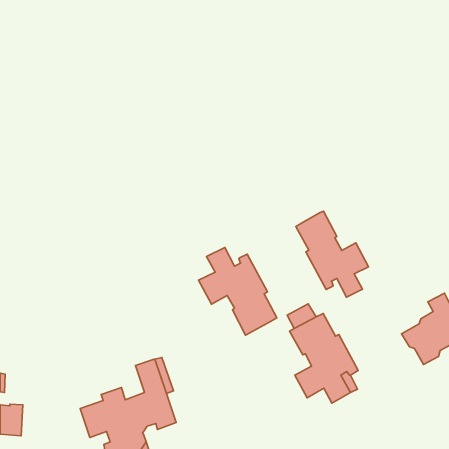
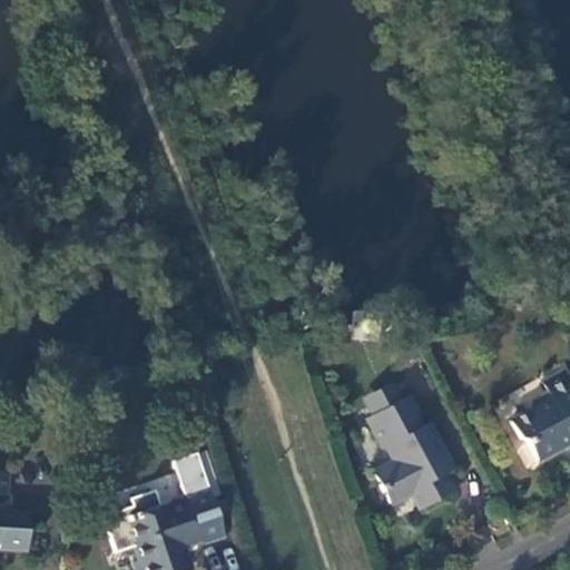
building: [296,211,369,297] -> none
building: [199,247,277,335] -> none

